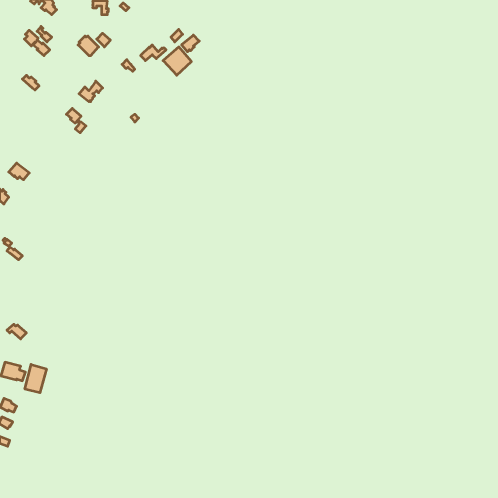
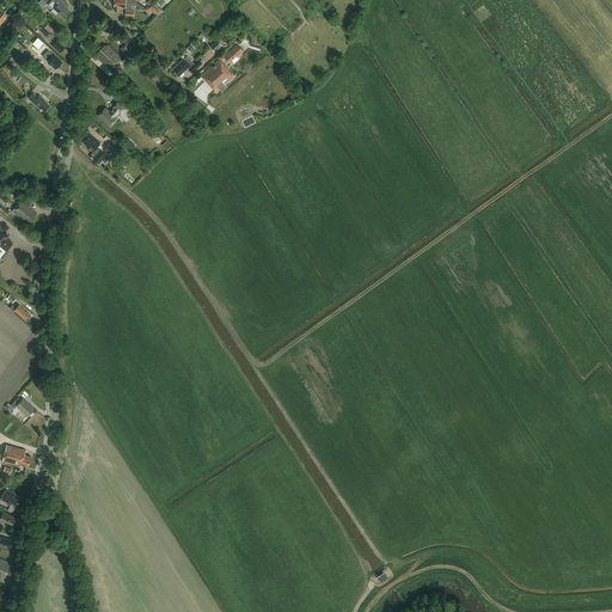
building: [25,364,46,393] -> none

